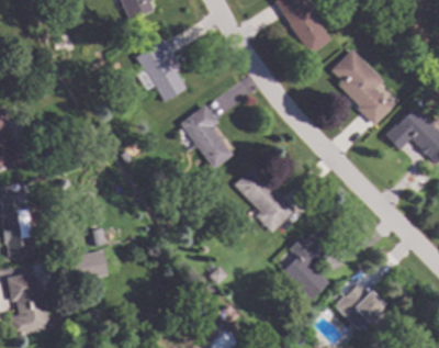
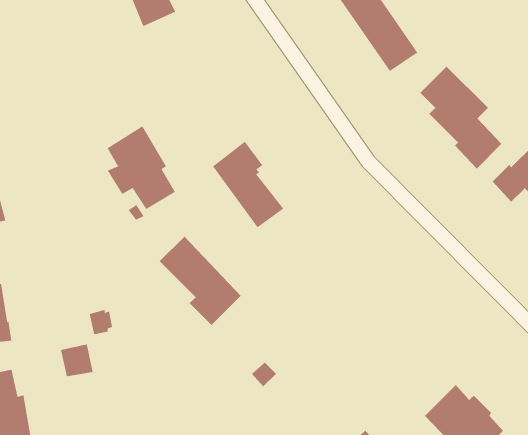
building: [136,40,187,101] -> [107,126,176,210]
building: [235,166,295,232] -> [159,236,242,326]
building: [283,229,333,300] -> none

